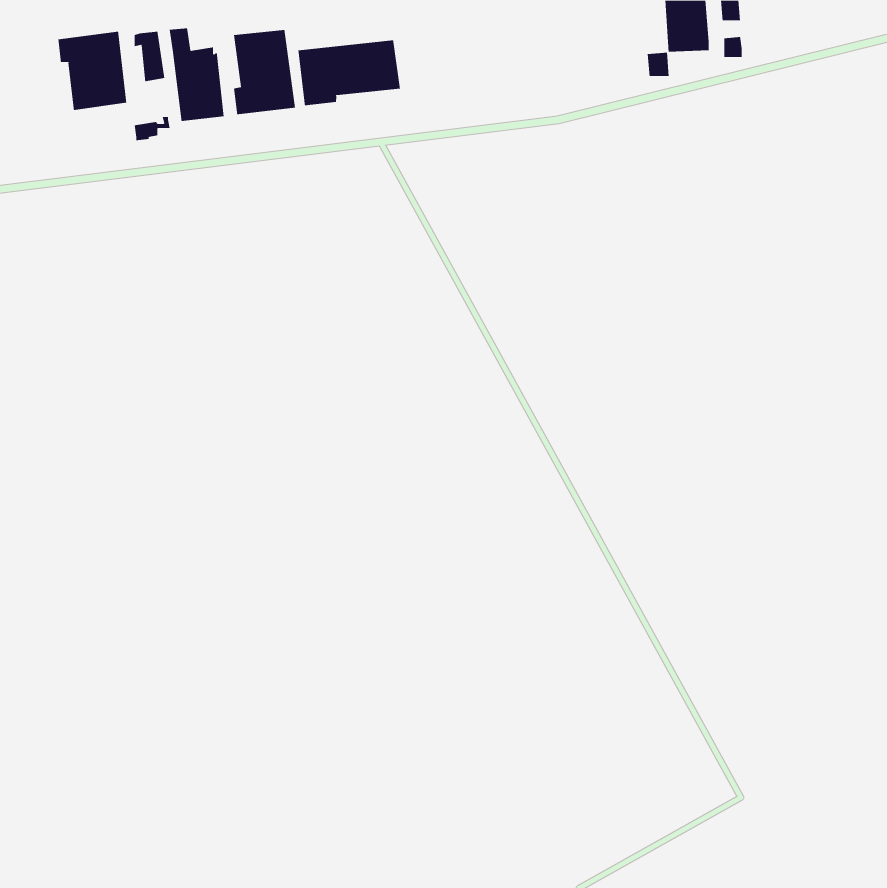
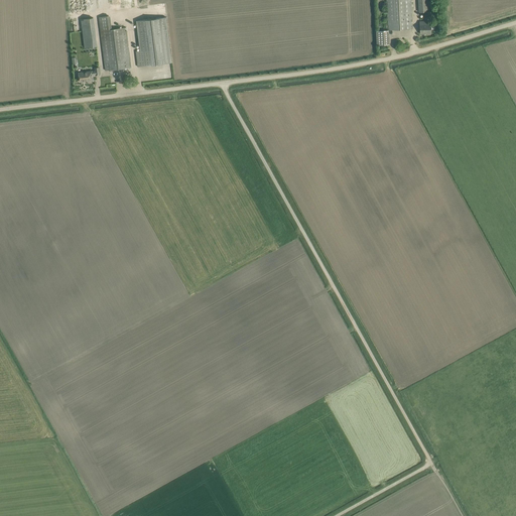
building: [58,31,127,111] -> none
building: [298,40,401,106] -> none

